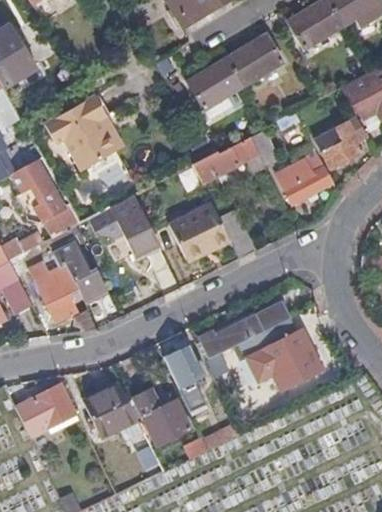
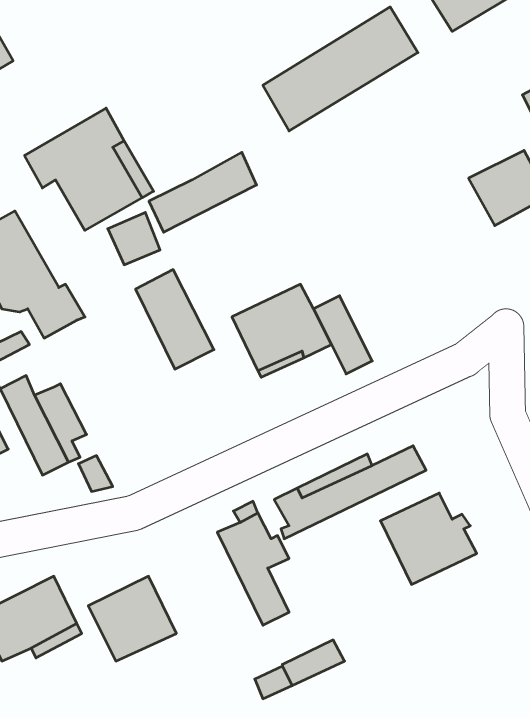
building: [193,134,259,183] -> [149,152,257,232]
building: [277,152,333,203] -> none
building: [54,245,102,296] -> none
building: [132,389,189,444] -> none

